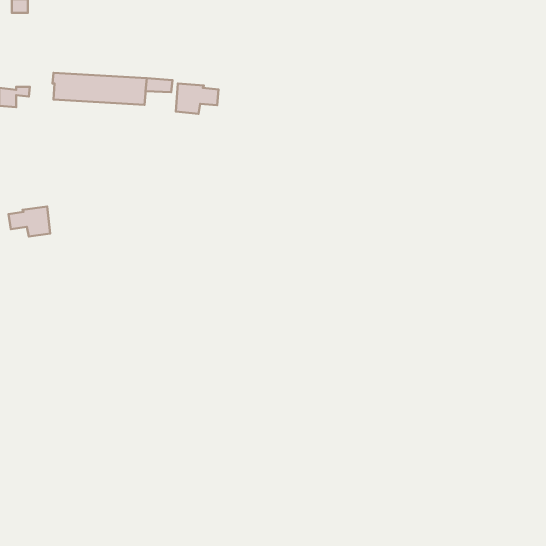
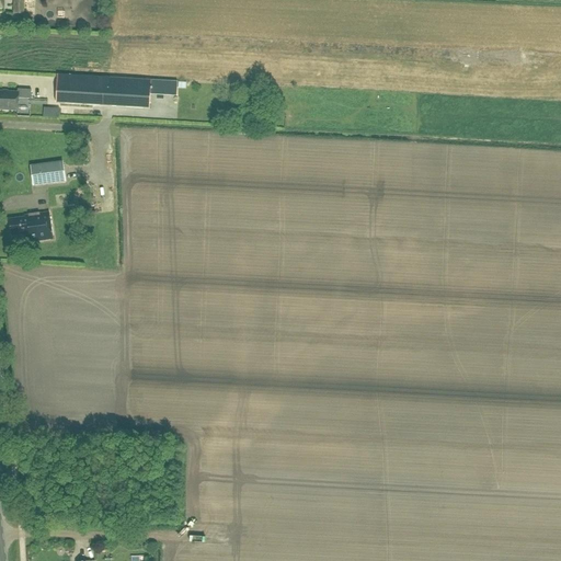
building: [176,83,219,114] -> none
building: none -> [28,161,65,185]

